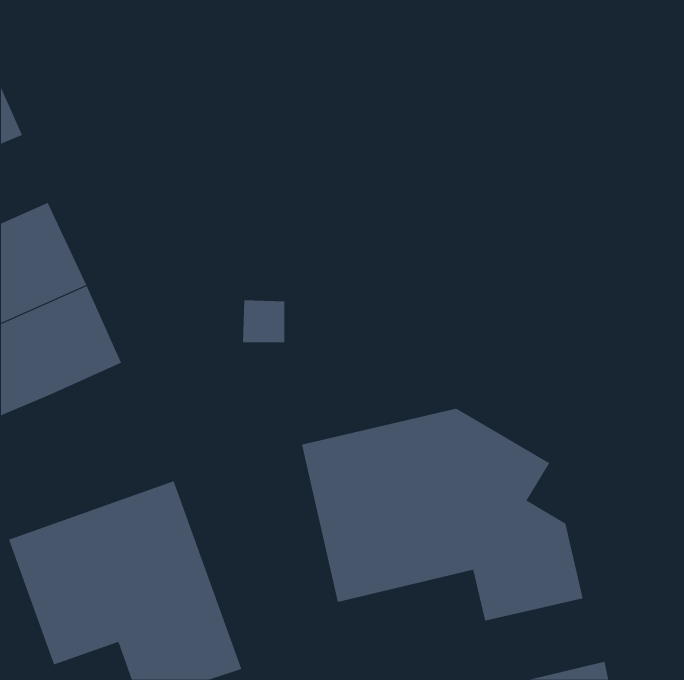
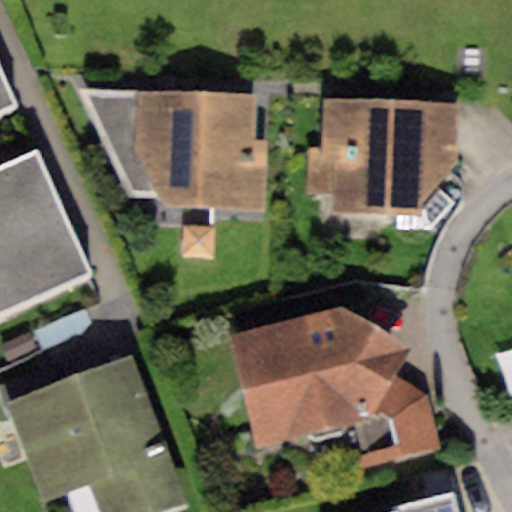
building: none -> [75,85,267,210]
building: none -> [309,100,458,212]

